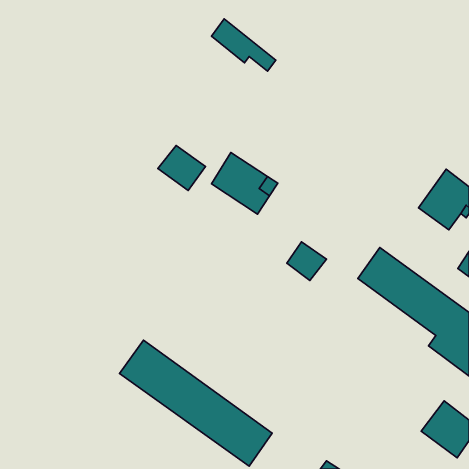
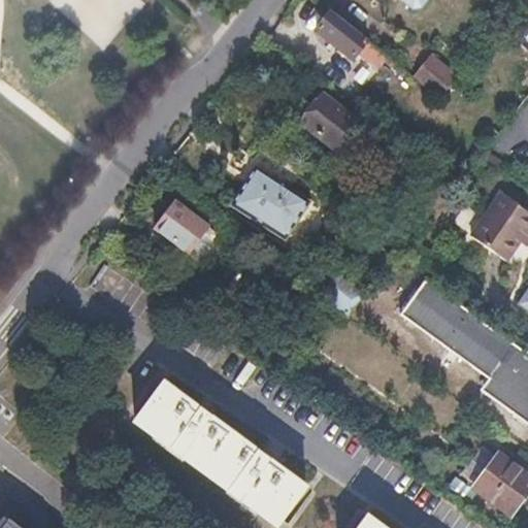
building: [211,19,276,71] -> [318,11,390,70]
building: none -> [414,56,458,98]
building: none -> [303,95,356,147]
building: [158,145,205,190] -> [155,200,208,251]

